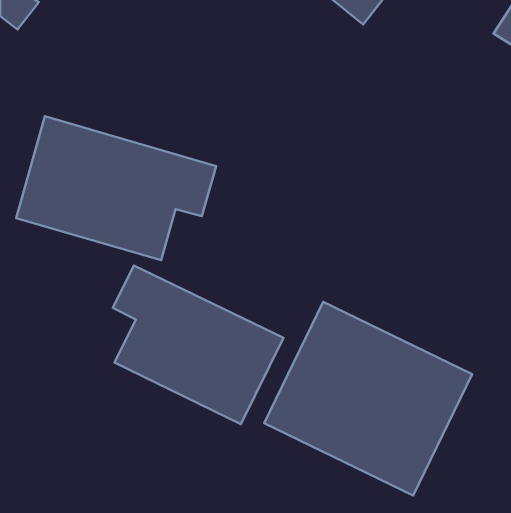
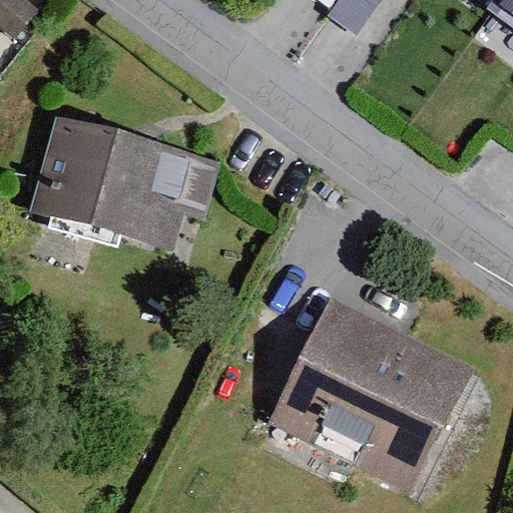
building: [113,265,284,424] -> none

